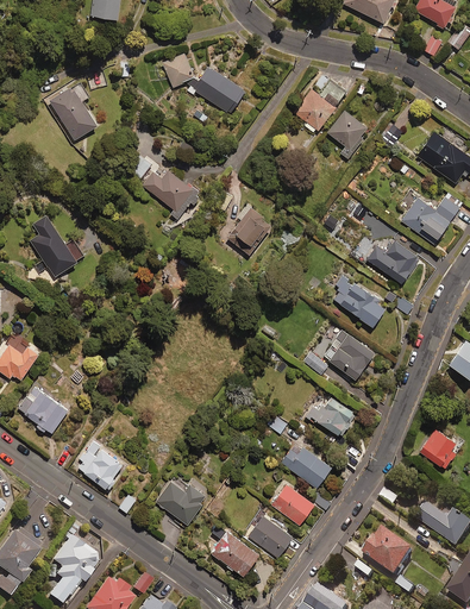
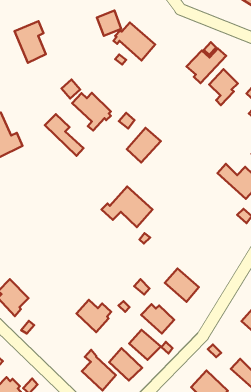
building: none -> [45,114,83,156]
building: [333,275,386,326] -> none
building: [303,326,374,379] -> [101,187,152,227]
building: [156,482,203,525] -> [76,300,111,332]

